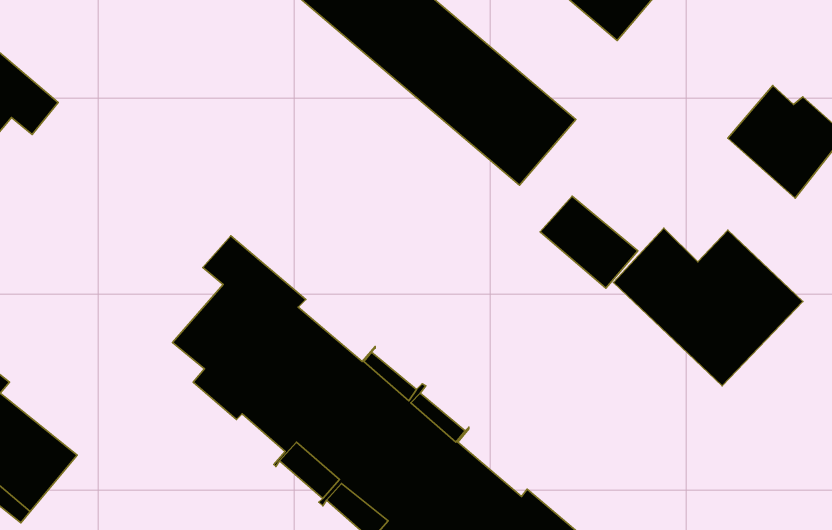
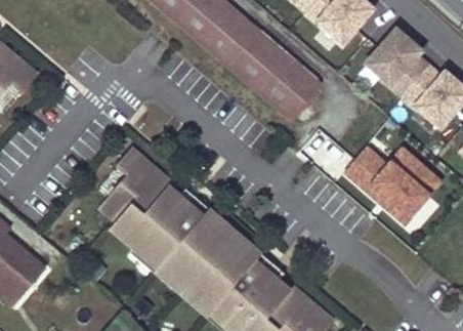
building: none -> [366,29,427,94]

